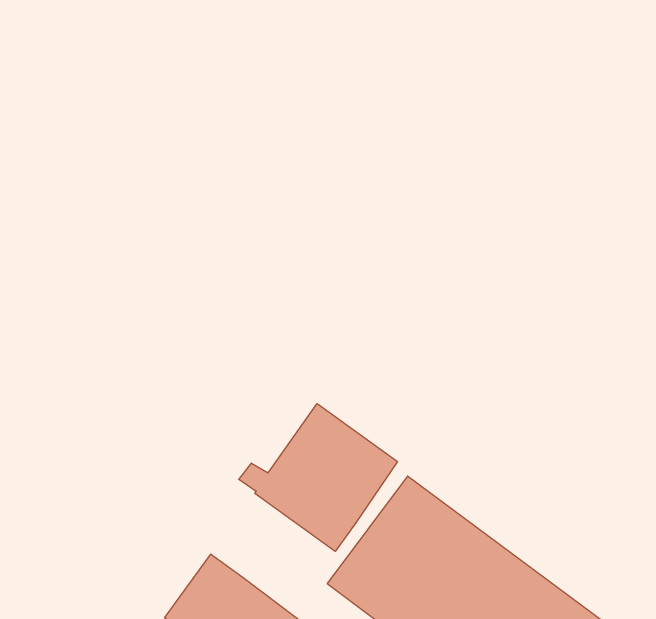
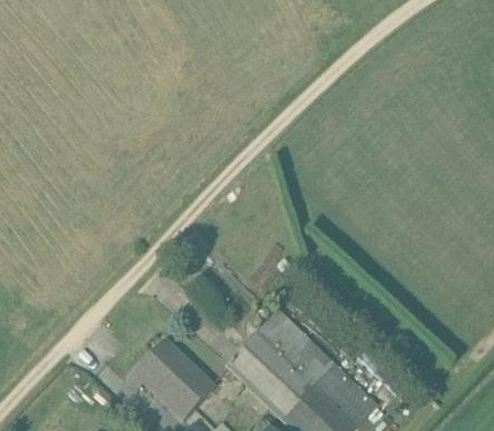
building: [239,404,397,551] -> none

